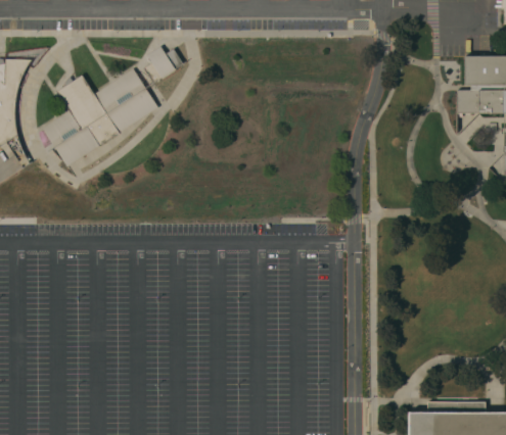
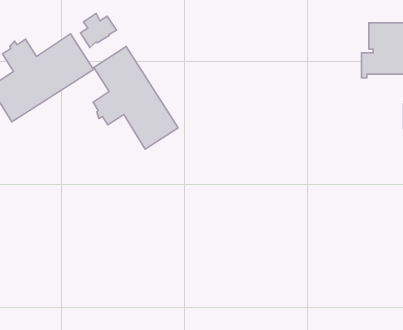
building: none -> [93,47,178,149]

